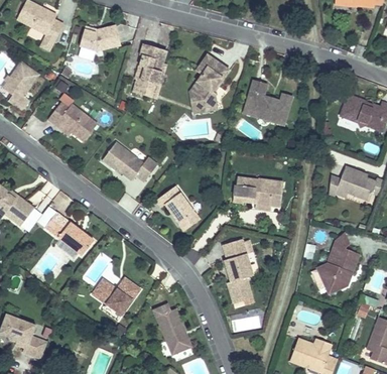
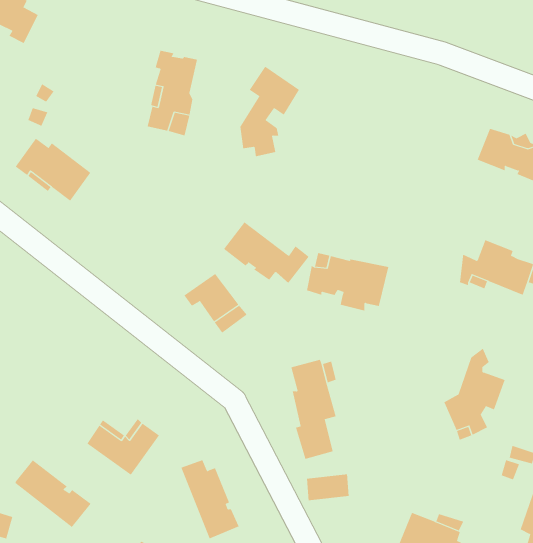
building: [80,25,121,50] -> none
building: [244,81,292,125] -> none
building: [103,142,157,181] -> [223,222,309,284]
building: [45,213,94,256] -> [15,459,91,528]

